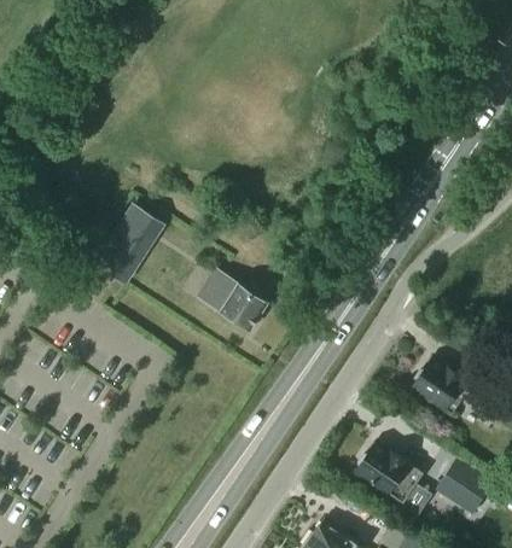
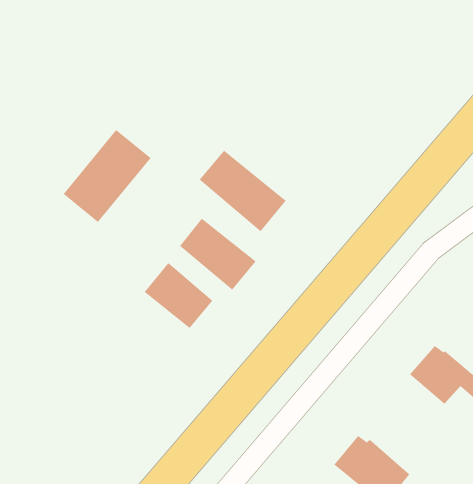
building: none -> [199,150,287,232]
building: none -> [144,262,213,329]

